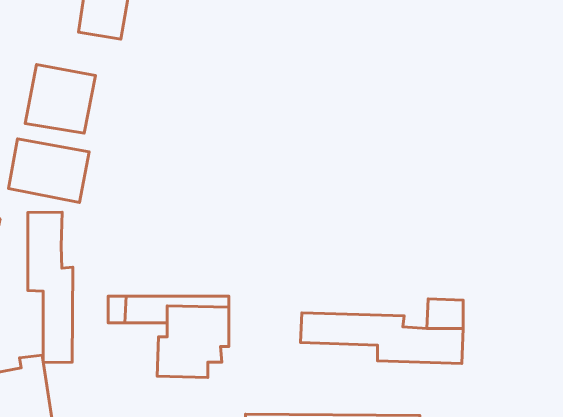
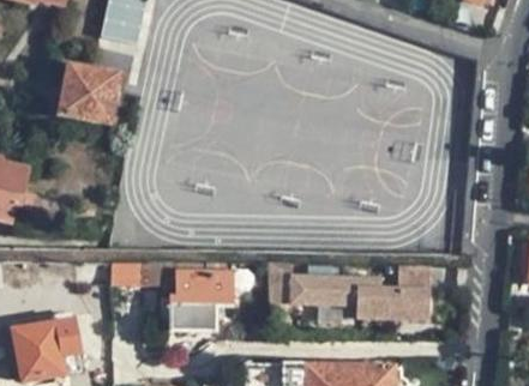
building: [9,139,89,203] -> none
building: [28,212,73,363] -> none

